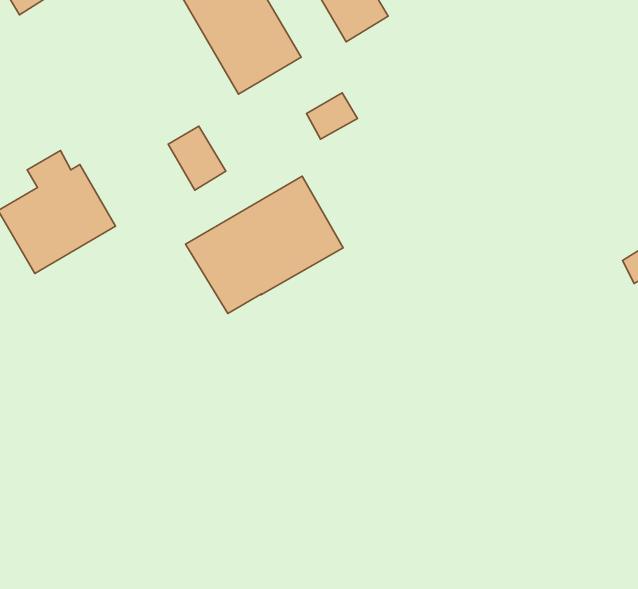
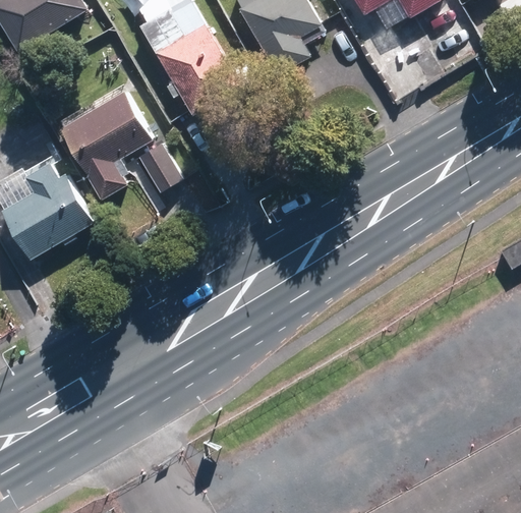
building: none -> [59,89,152,196]
building: [186,176,343,313] -> none

